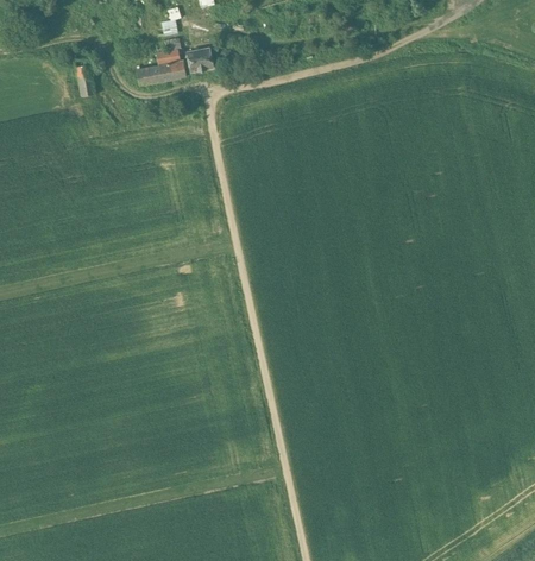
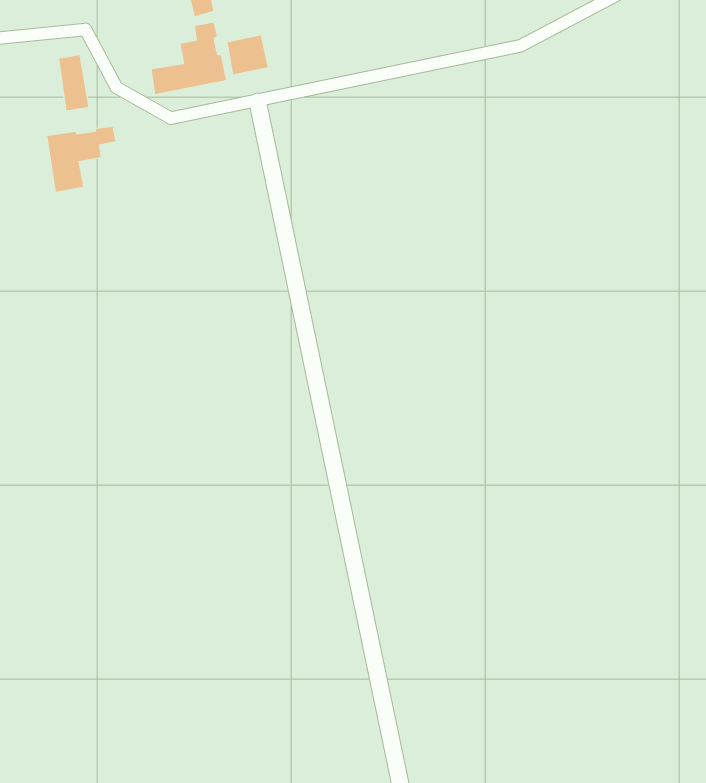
building: none -> [47,126,116,193]

